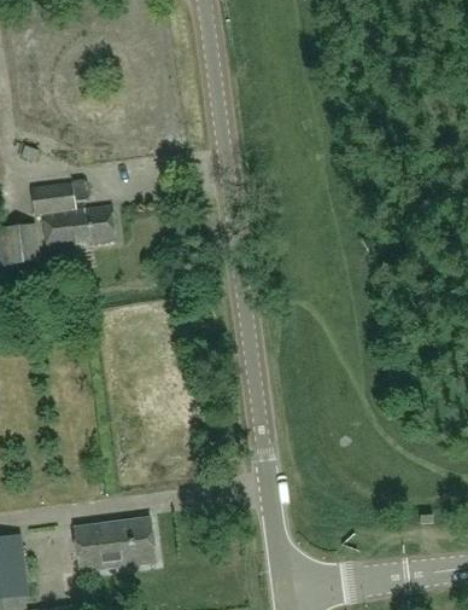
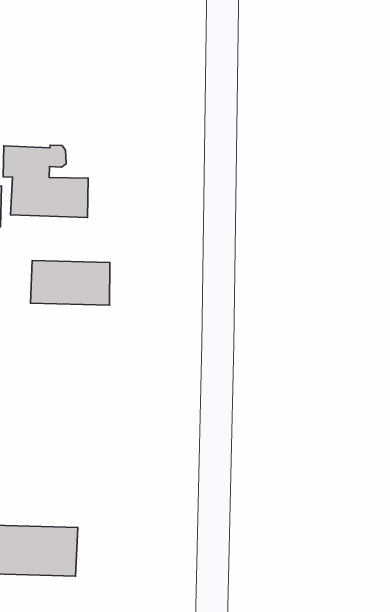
building: none -> [31,260,110,305]

